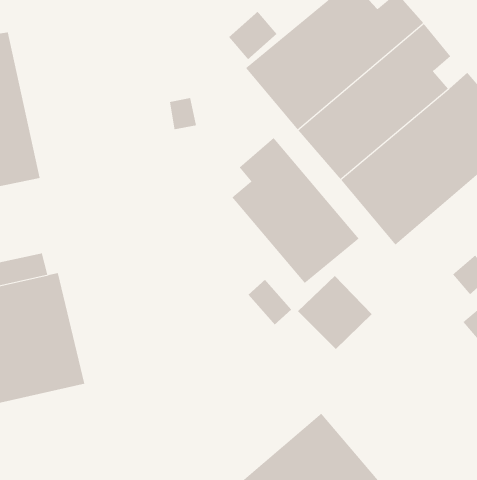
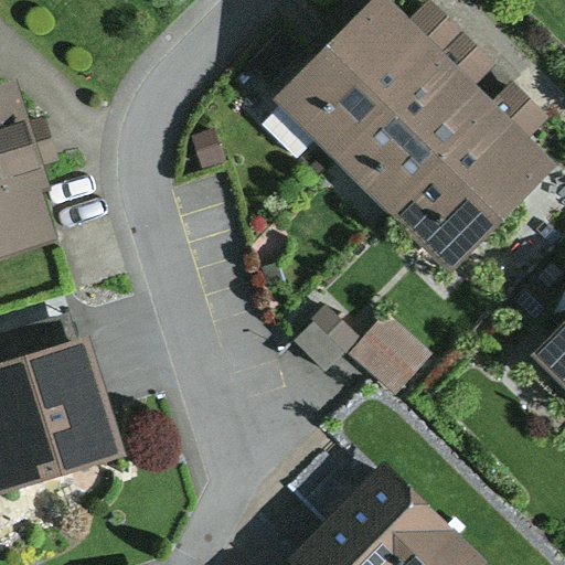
building: [232,137,359,284] -> none

